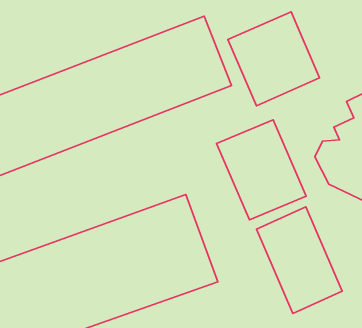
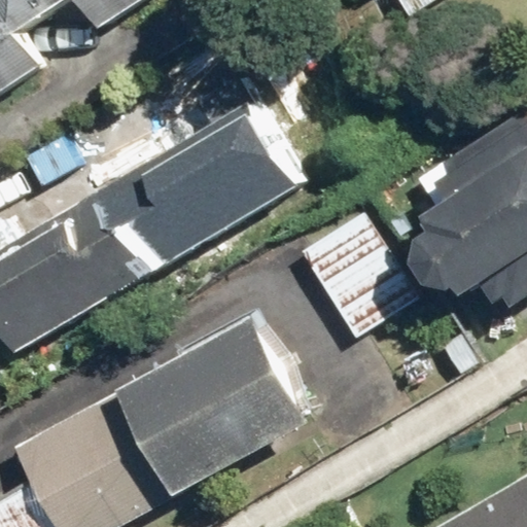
building: [228,12,320,106] -> none
building: [256,207,342,313] -> none

